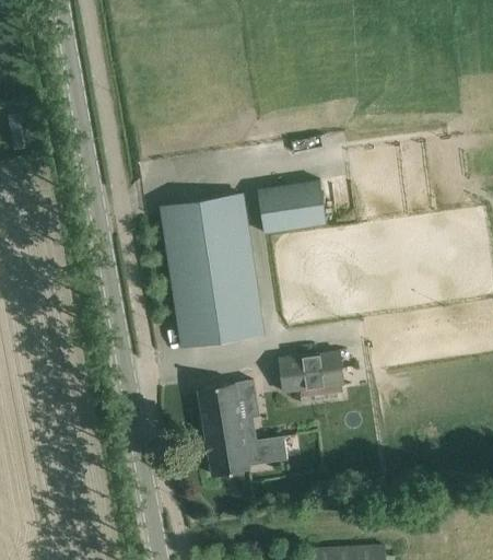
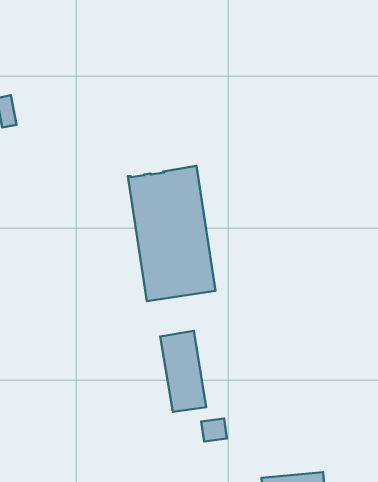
building: [259,179,328,233] -> none
building: [281,351,345,393] -> none
building: [258,436,287,463] -> [201,418,227,441]

